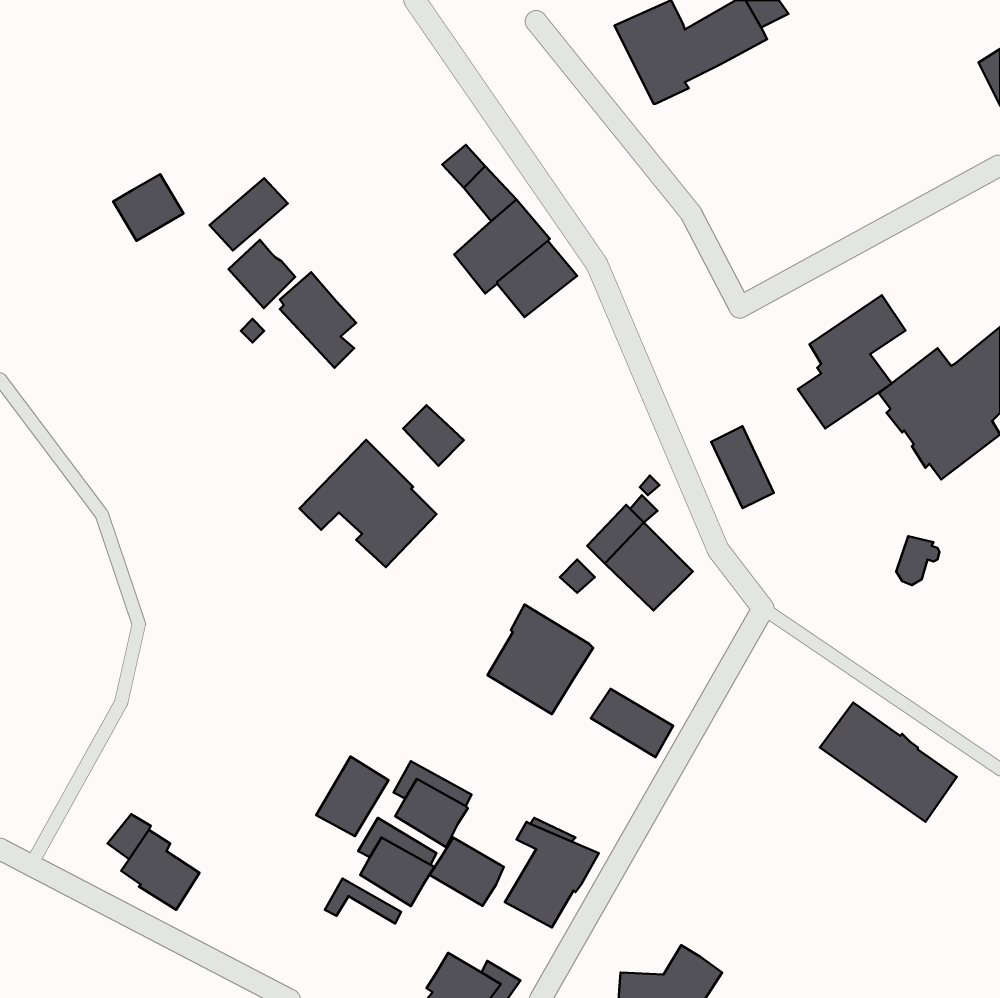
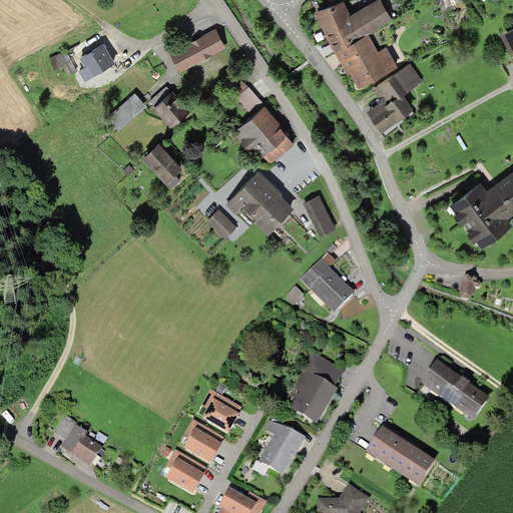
building: none -> [170,27,226,72]
building: none -> [336,34,398,89]
building: [113,174,184,241] -> [79,42,115,76]
building: [229,240,295,308] -> [152,92,186,127]
building: [798,295,905,428] -> [367,65,422,133]
building: [711,426,774,508] -> [304,194,336,236]
building: [300,440,437,567] -> [224,168,295,233]
building: [487,605,593,714] -> [284,369,338,425]
building: [316,757,389,836] -> none
building: none -> [366,427,435,487]
building: [430,837,504,906] -> [166,460,204,495]

